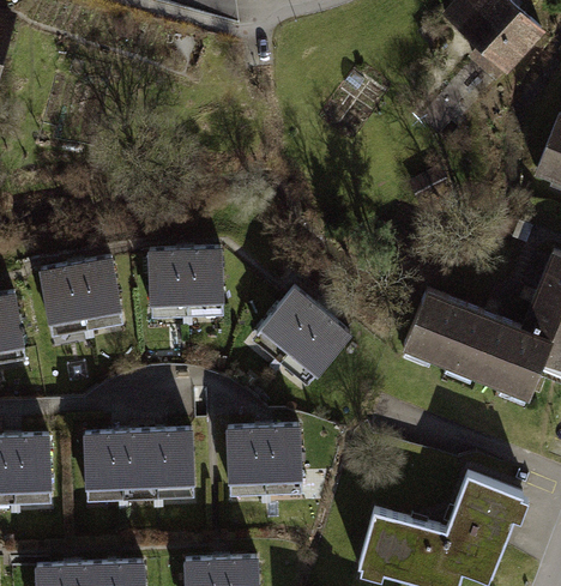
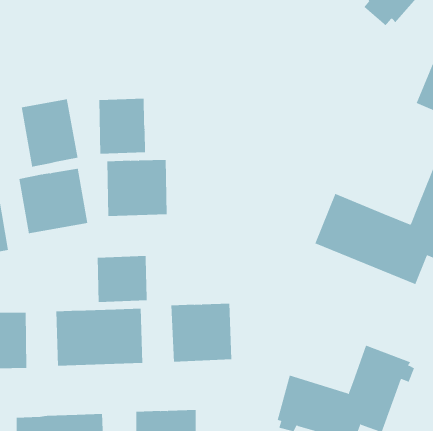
building: none -> [99,98,145,155]
building: none -> [21,99,78,167]
building: [252,285,351,385] -> none
building: none -> [97,255,147,303]

